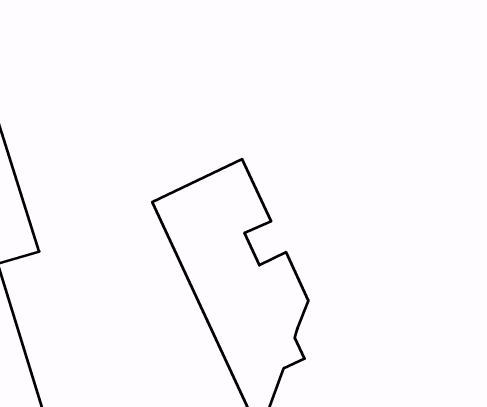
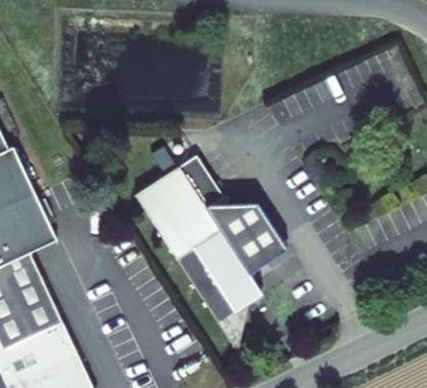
building: none -> [206,202,289,271]

